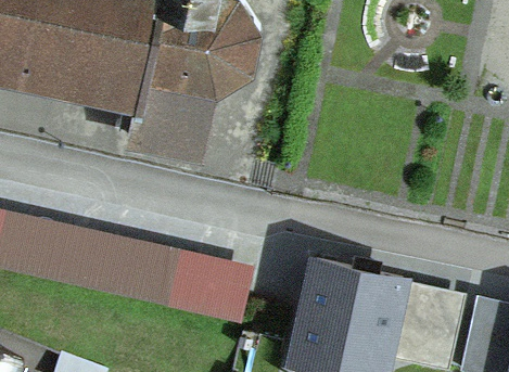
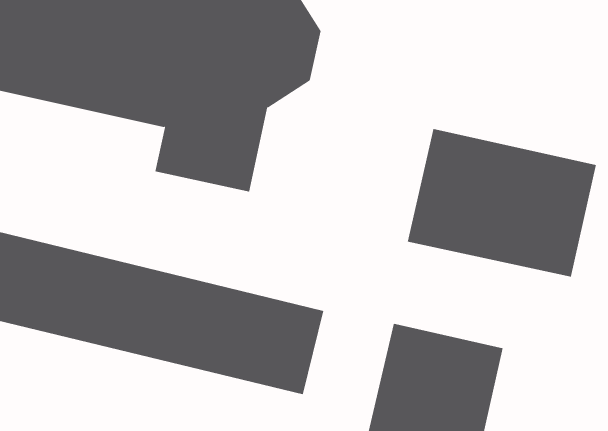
building: none -> [407,128,596,278]

